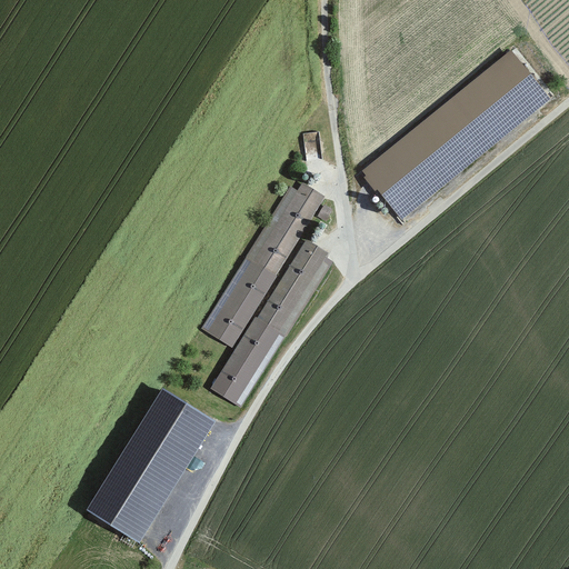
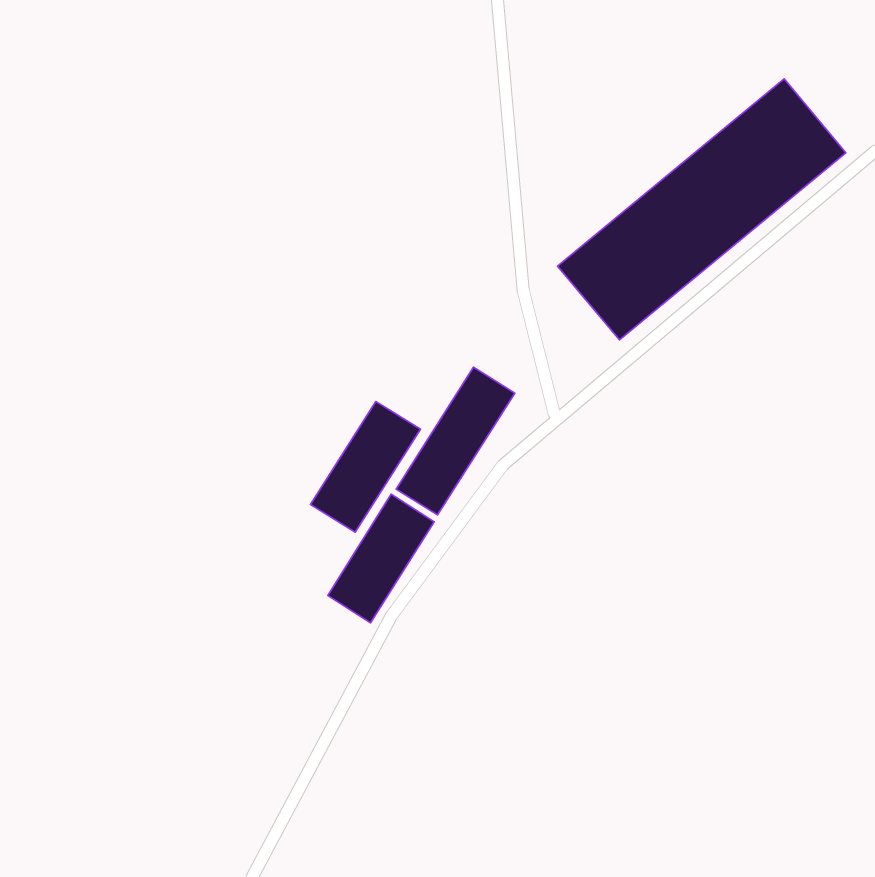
building: [246,181,326,274] -> none
building: [87,391,213,545] -> none

